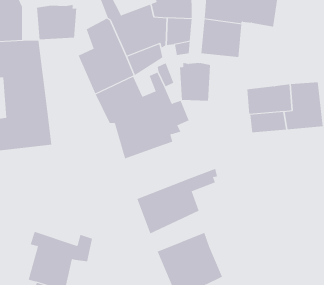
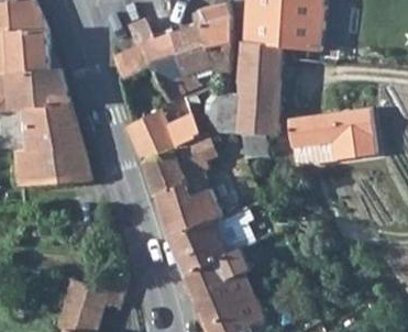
building: [36,4,77,40] -> none
building: none -> [239,80,288,156]
building: none -> [157,181,227,237]
building: none -> [185,251,247,295]

